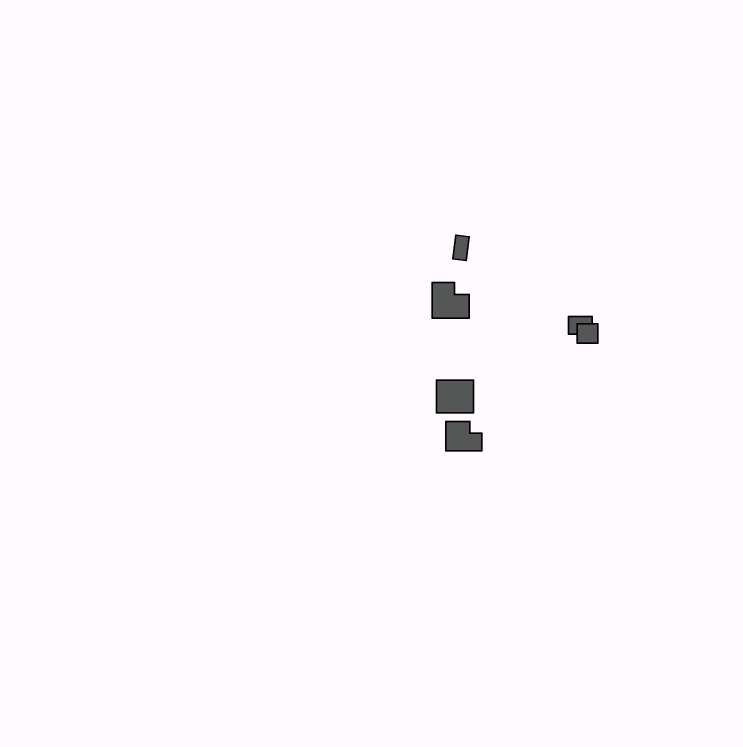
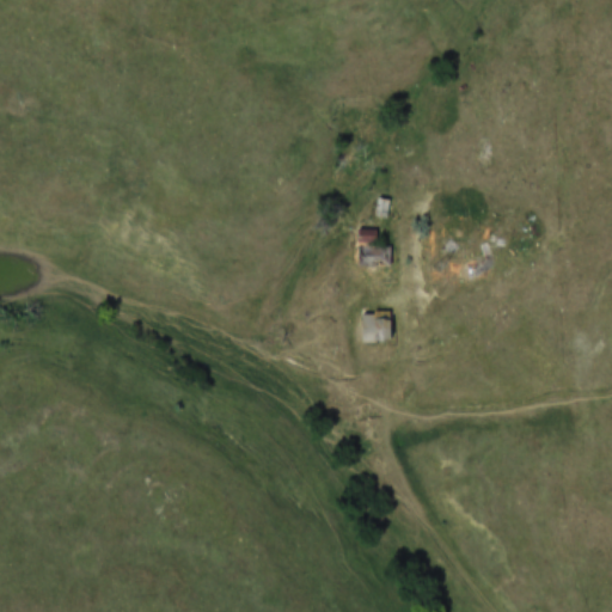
building: [446,421,482,451] -> none

